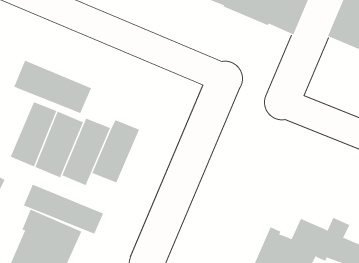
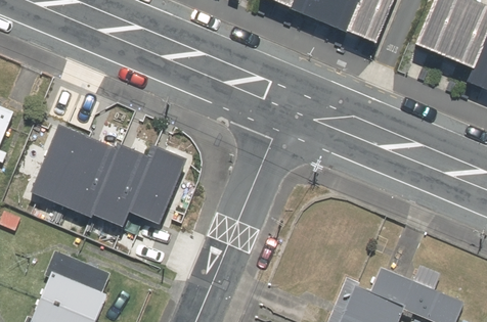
building: [14,60,92,114] -> none
building: [23,184,104,234] -> none

